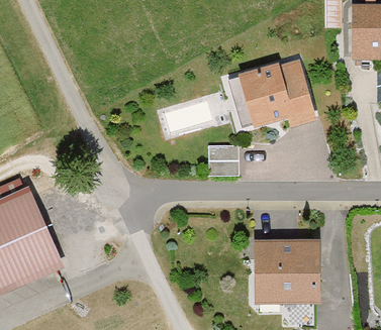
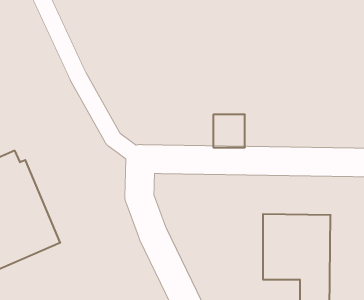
building: [230,62,314,126] -> none

